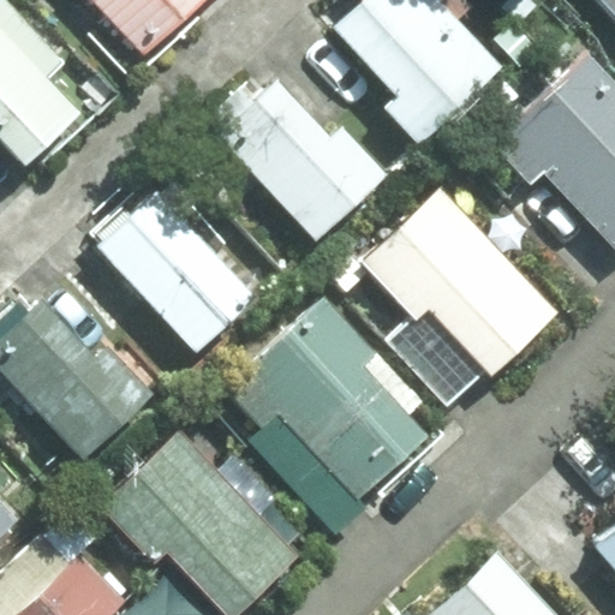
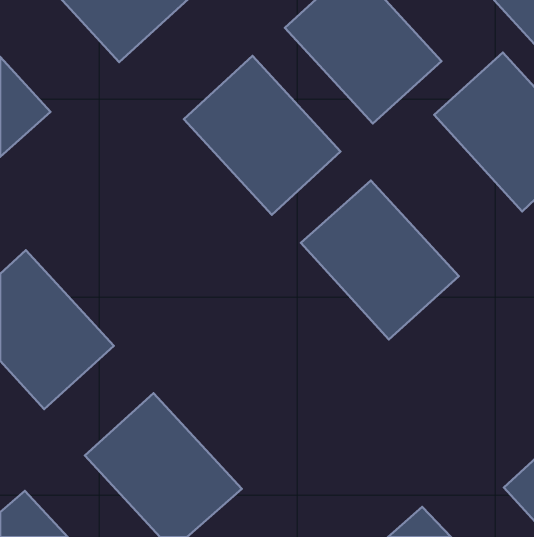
building: [98,172,274,350] -> none
building: [232,322,407,500] -> none

